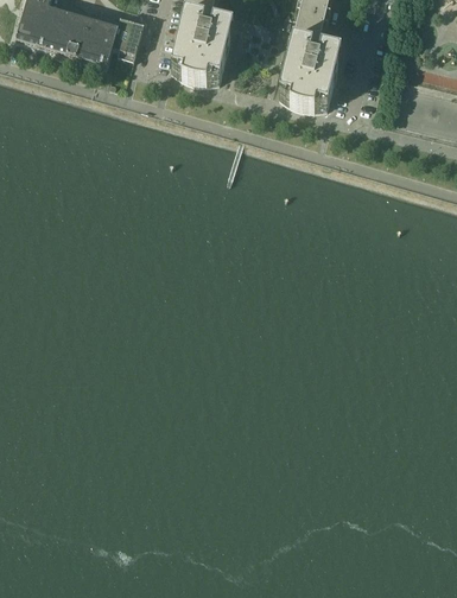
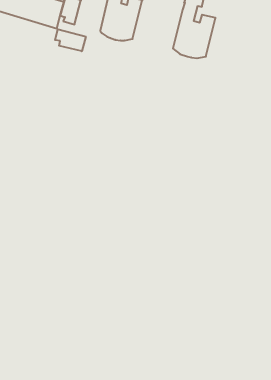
building: none -> [55,29,86,51]

